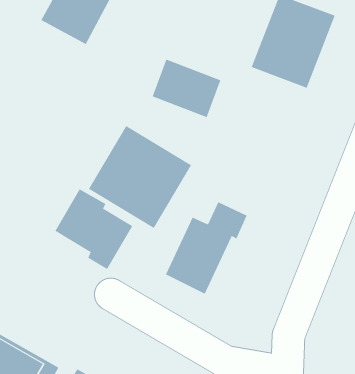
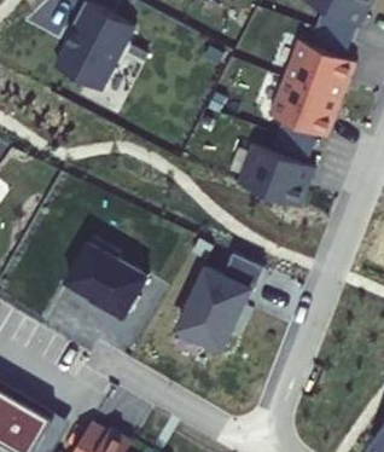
building: [152,59,221,118] -> [239,147,310,208]
building: [88,125,192,229] -> none

